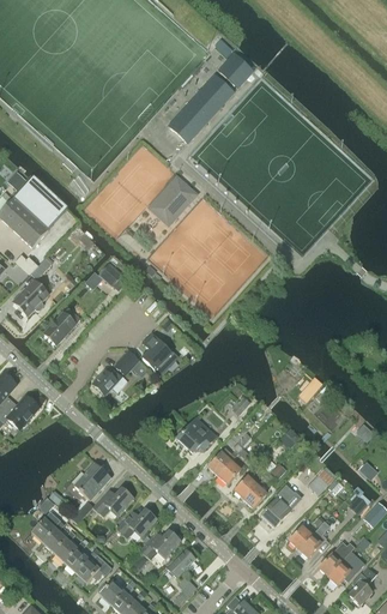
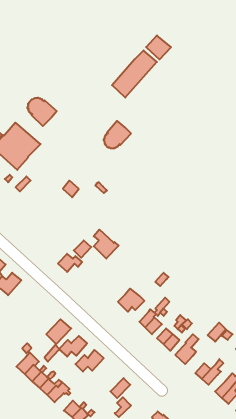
building: none -> [28,98,57,126]
building: [13,279,48,315] -> none
building: [43,311,75,344] -> none
building: [140,529,180,559] -> none

